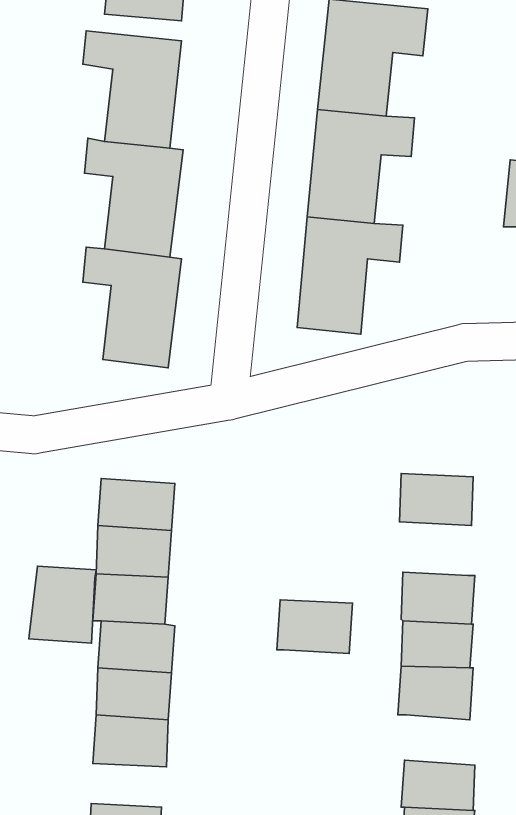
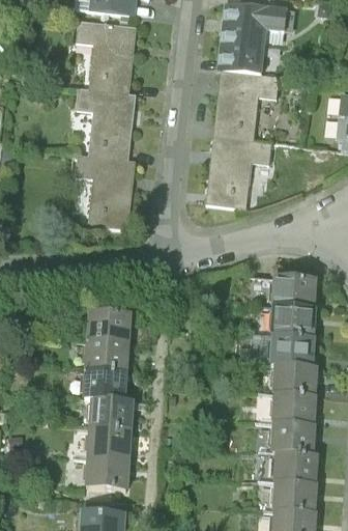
building: none -> [271,270,317,301]
building: [29,566,96,643] -> none
building: [277,600,352,653] -> [268,329,315,362]
building: none -> [272,448,318,479]

